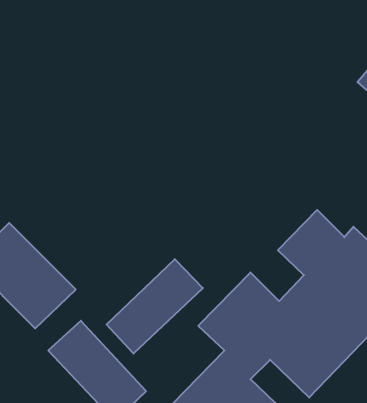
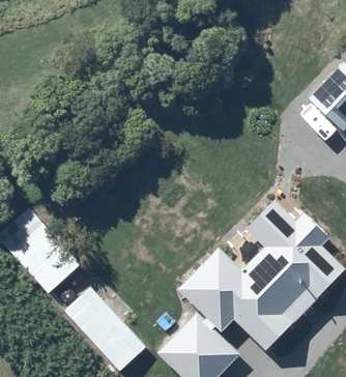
building: [107,259,203,354] -> none

